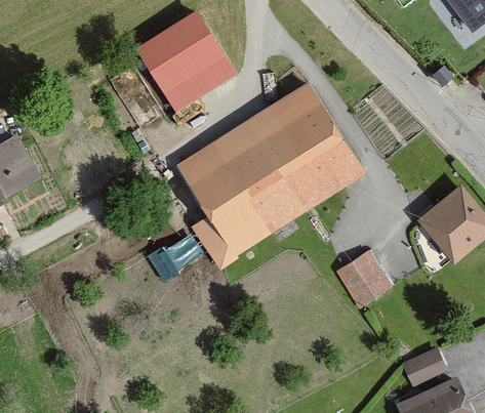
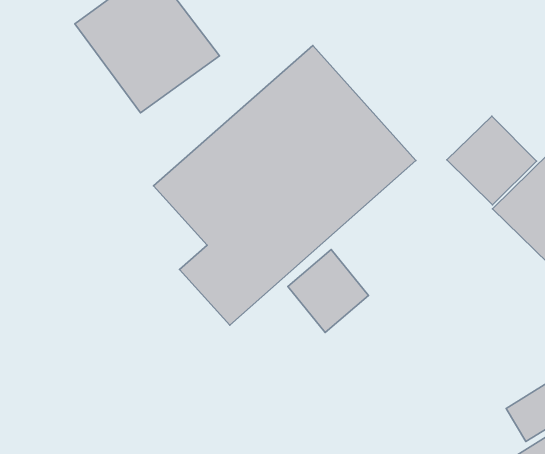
building: none -> [447,116,536,205]
building: [335,248,392,306] -> [288,249,368,332]

